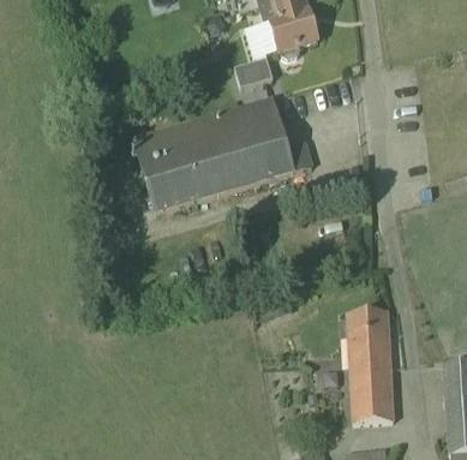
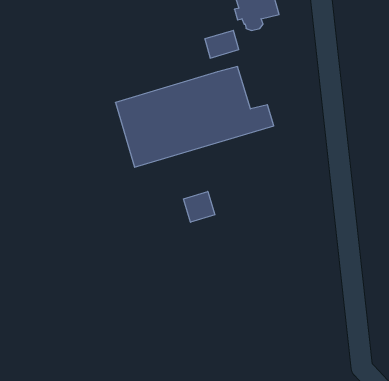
building: none -> [184,191,215,222]
building: [347,309,393,422] -> none

